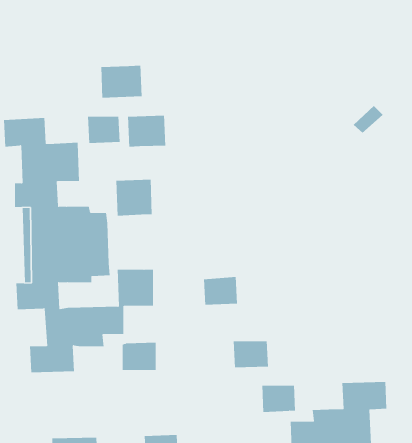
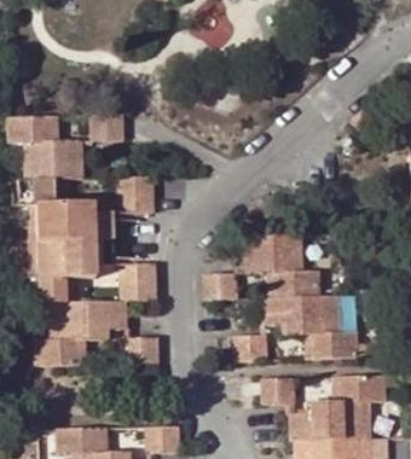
building: [101,65,142,98] -> none
building: [127,115,166,148] -> none
building: none -> [244,233,359,359]

